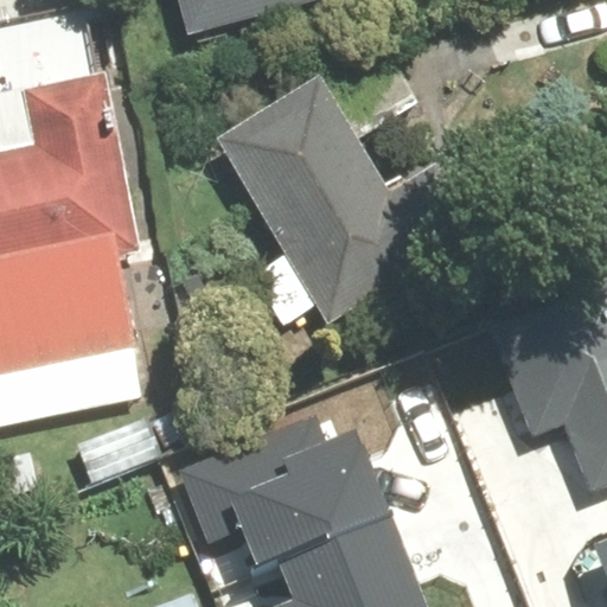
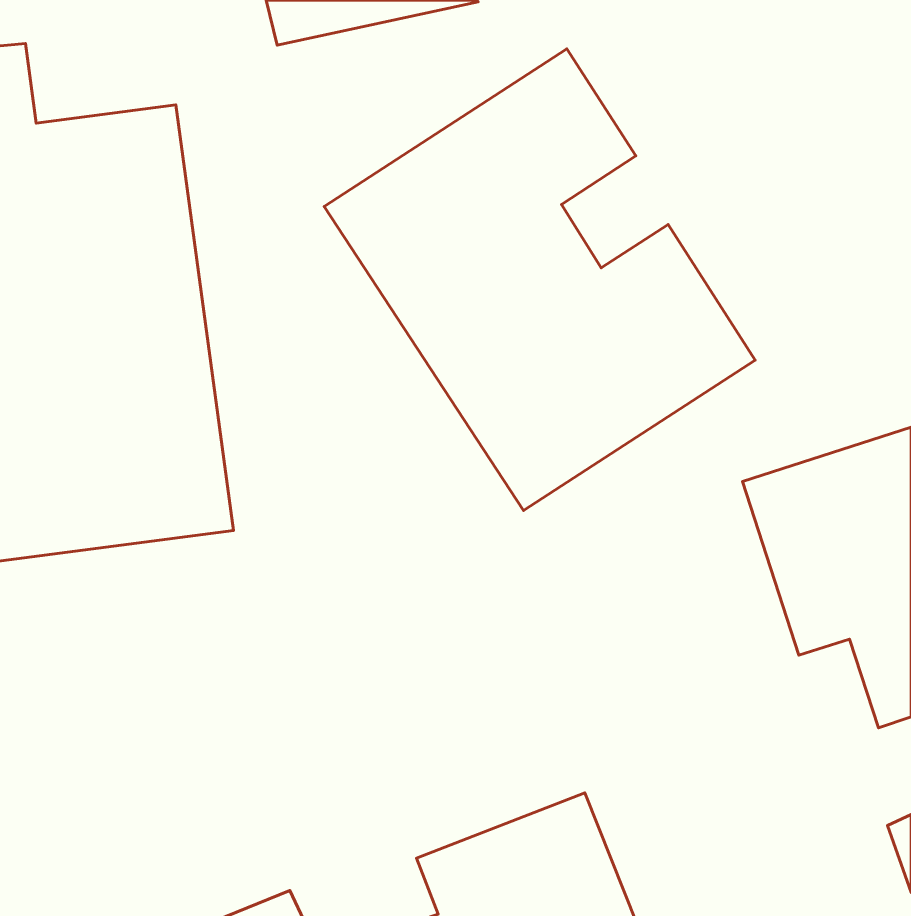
building: [167,415,377,573] -> none

